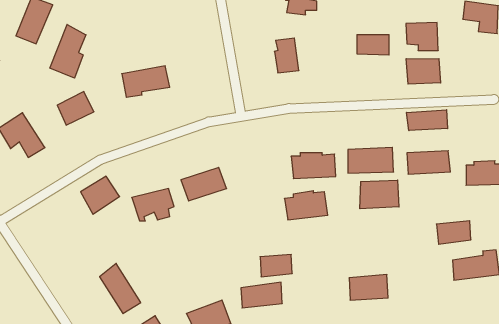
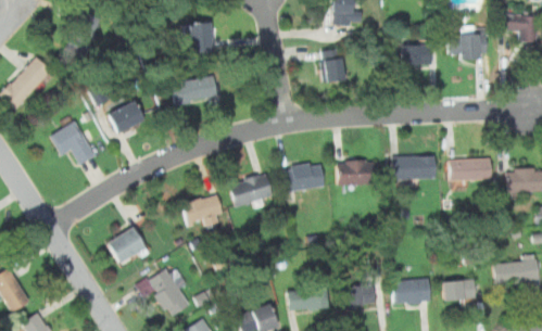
building: none -> [189,23,213,53]
building: [50,24,86,78] -> none
building: [406,59,441,84] -> none
building: [407,110,448,131] -> none
building: [81,176,120,214] -> [108,228,146,265]
building: [360,180,399,209] -> none
building: [284,191,328,220] -> [282,164,325,192]
building: [436,221,471,244] -> [442,279,476,302]
building: [260,255,292,277] -> [344,284,376,306]

